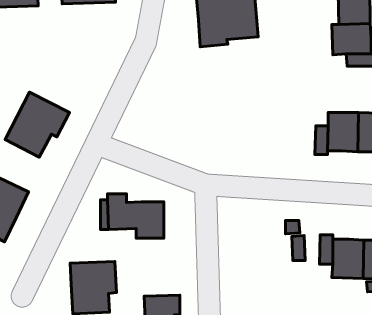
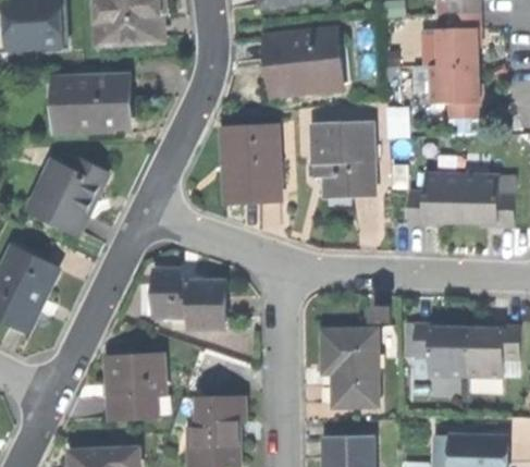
building: none -> [56,77,131,128]
building: none -> [310,123,372,198]
building: none -> [222,127,279,202]
building: none -> [322,331,377,407]

